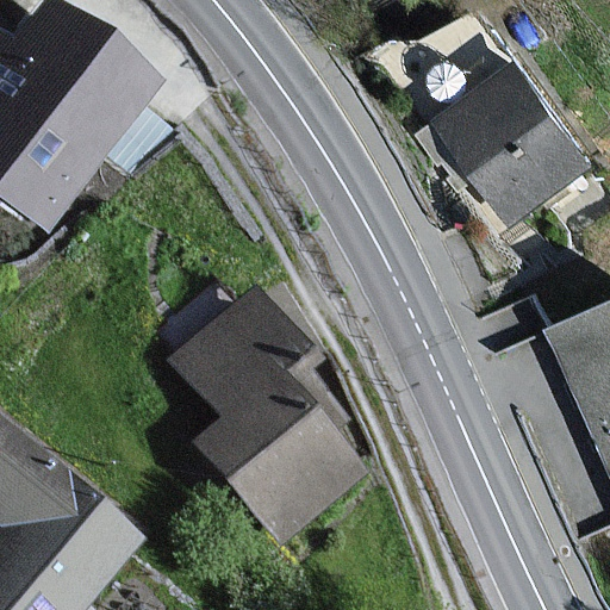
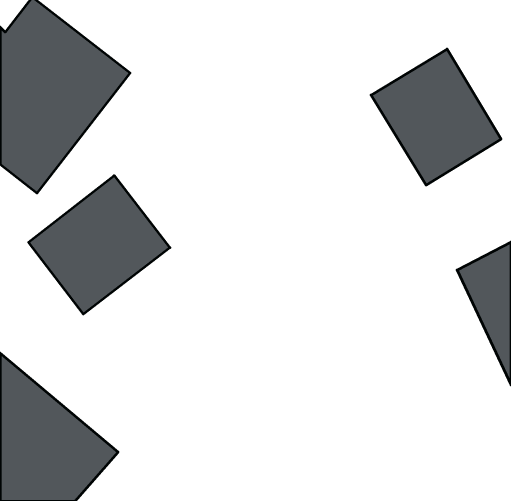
building: none -> [29,176,170,314]
building: [172,291,360,544] -> none

